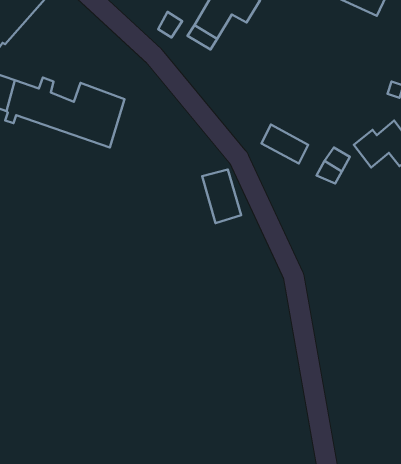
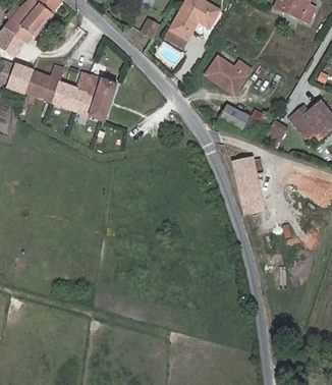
building: none -> [205,56,252,93]
building: [202,170,241,223] -> [232,155,262,196]

